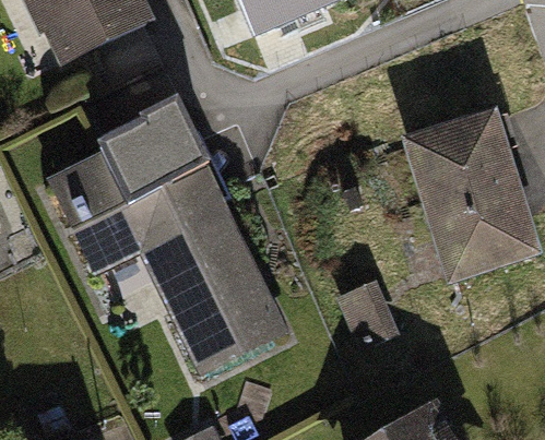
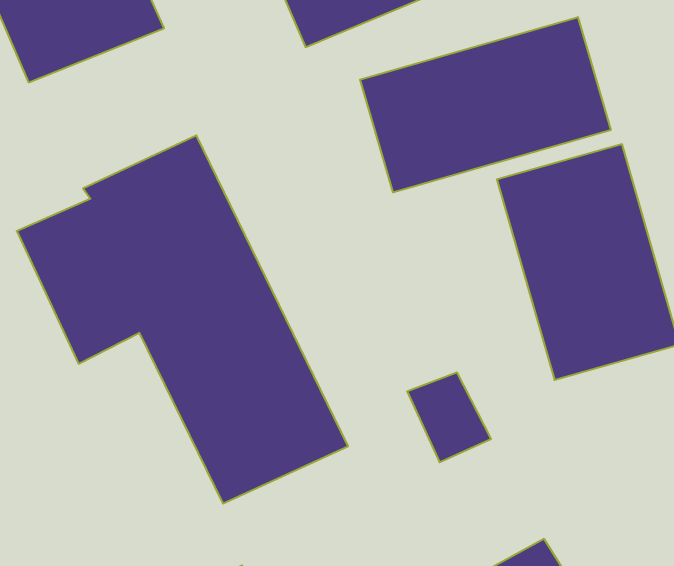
building: none -> [360,17,611,192]

